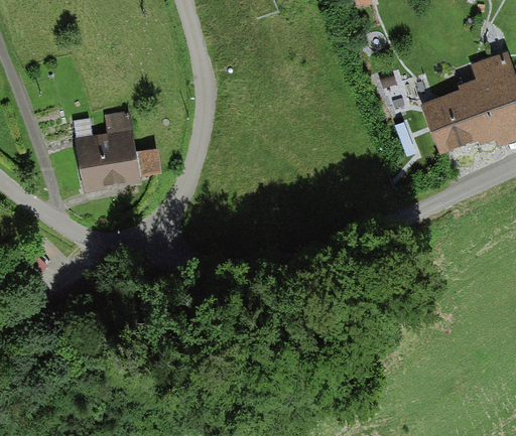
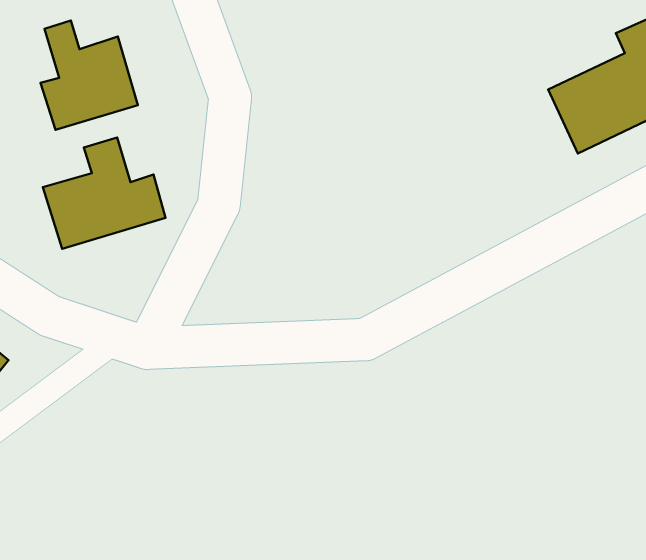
building: none -> [41,21,138,130]

